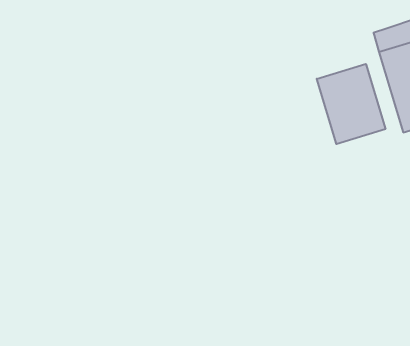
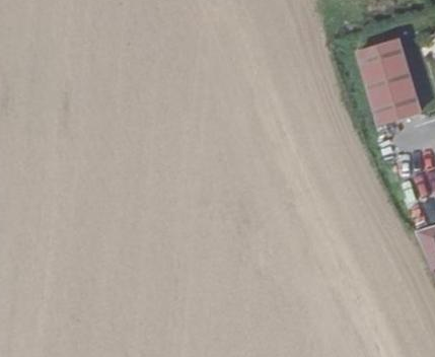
building: [317,64,385,144] -> none

